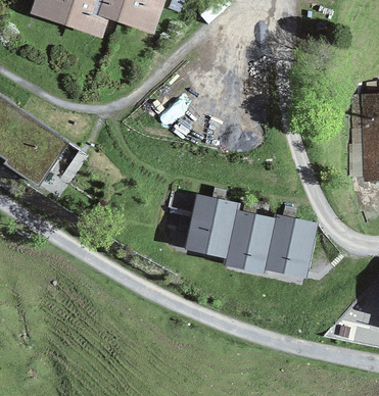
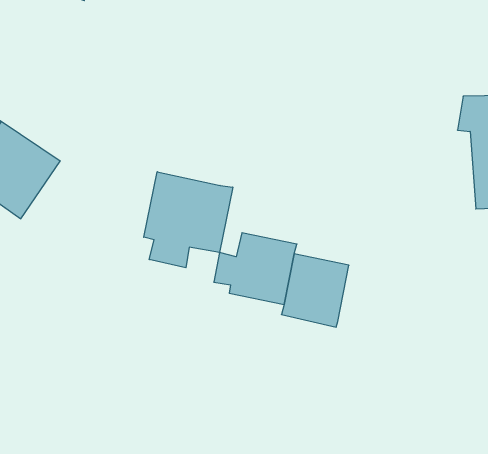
building: none -> [144,172,233,268]
building: [264,216,313,268] -> none

